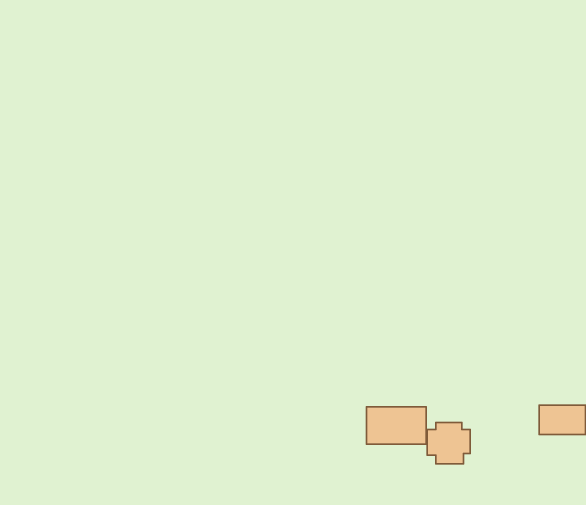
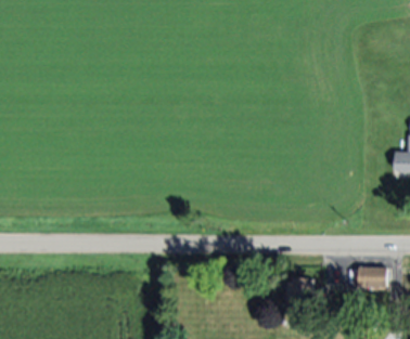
building: [367,407,426,444] -> none

